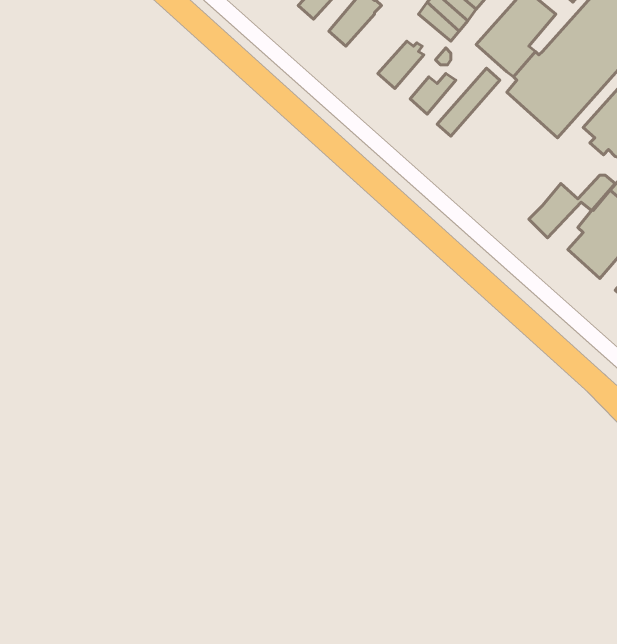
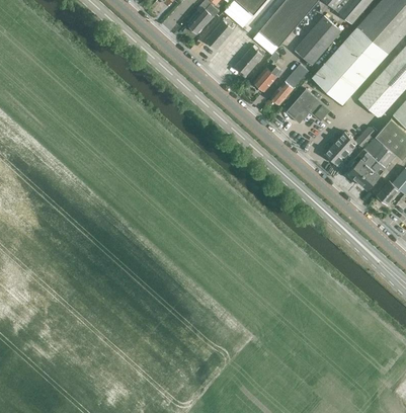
building: none -> [287,89,331,125]

